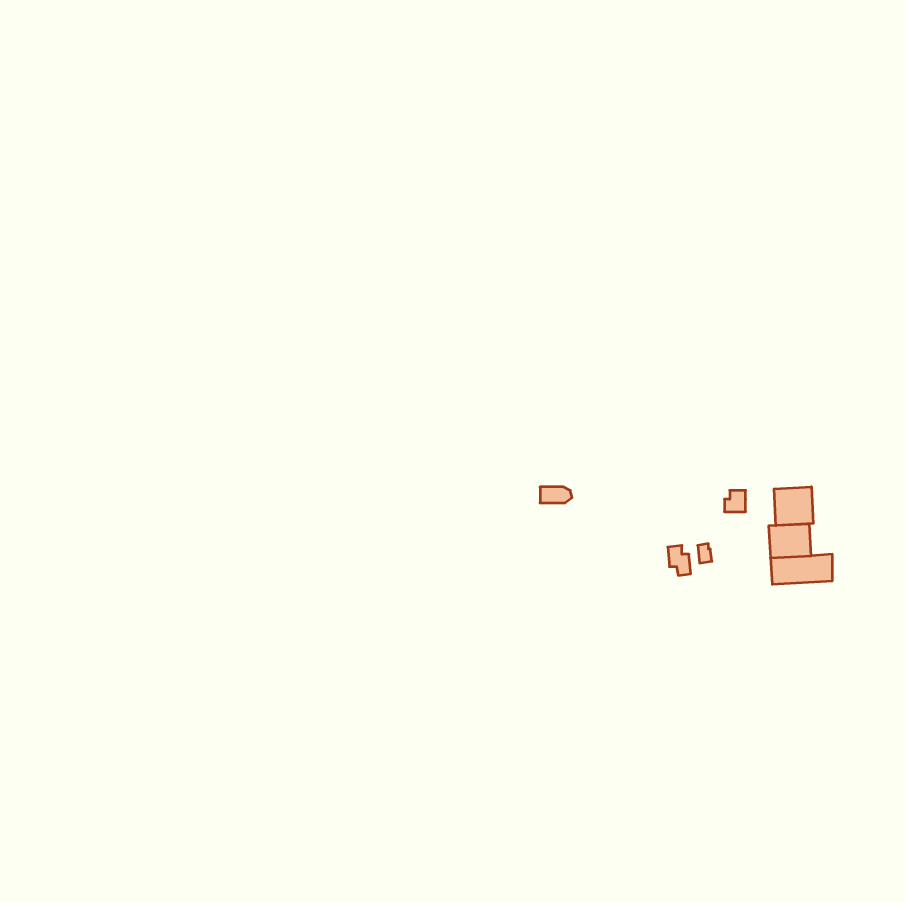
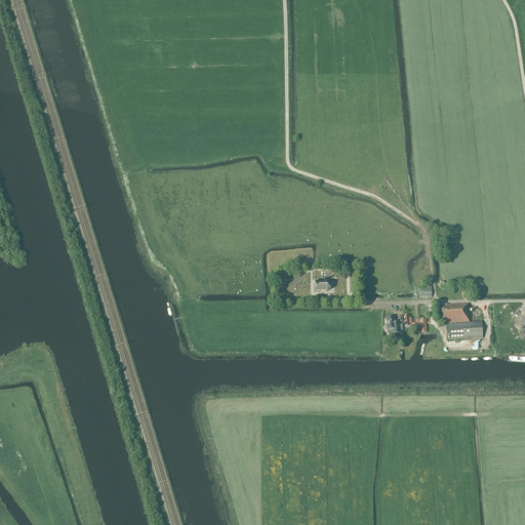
building: [774,487,813,526] -> none

